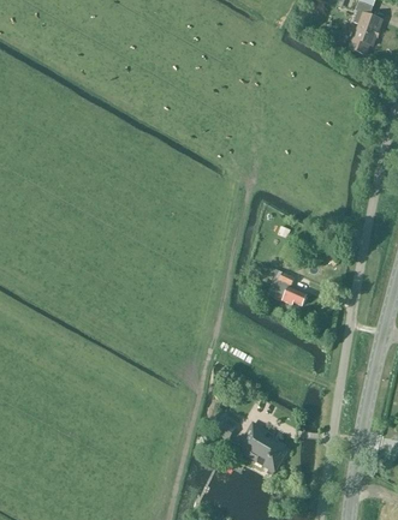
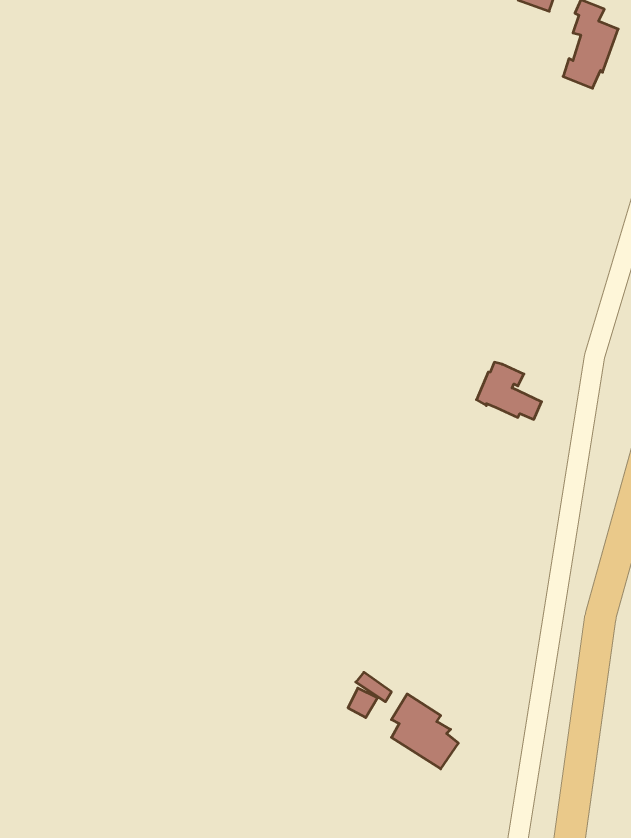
building: [268,271,308,306] -> [476,362,542,419]

